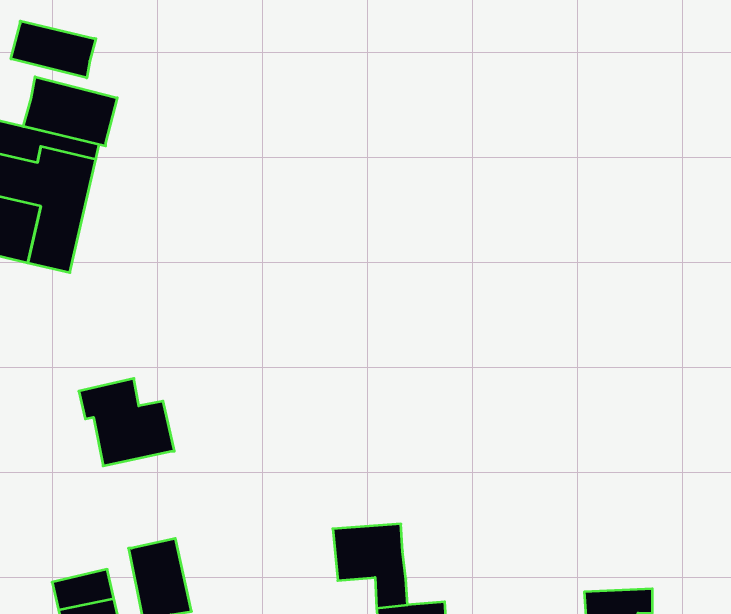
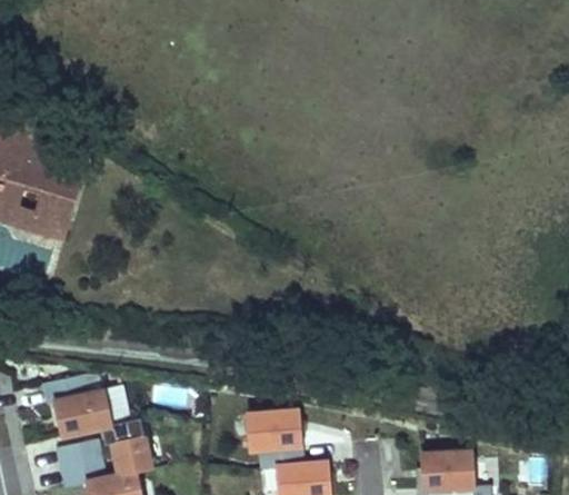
building: [11,21,96,78] -> none
building: [23,77,117,146] -> none
building: [79,378,174,466] -> [46,376,111,436]

